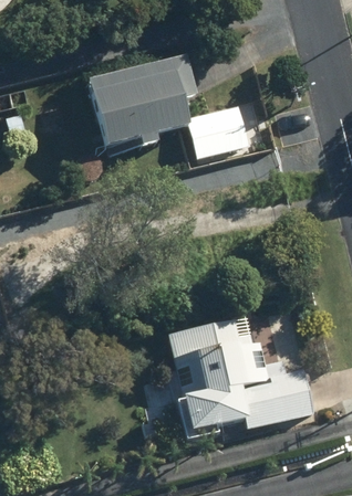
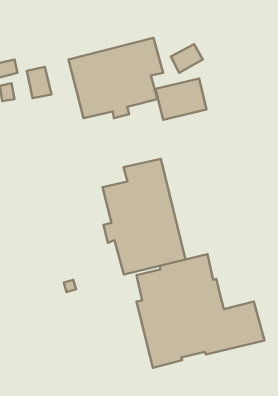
building: none -> [102,159,185,274]

